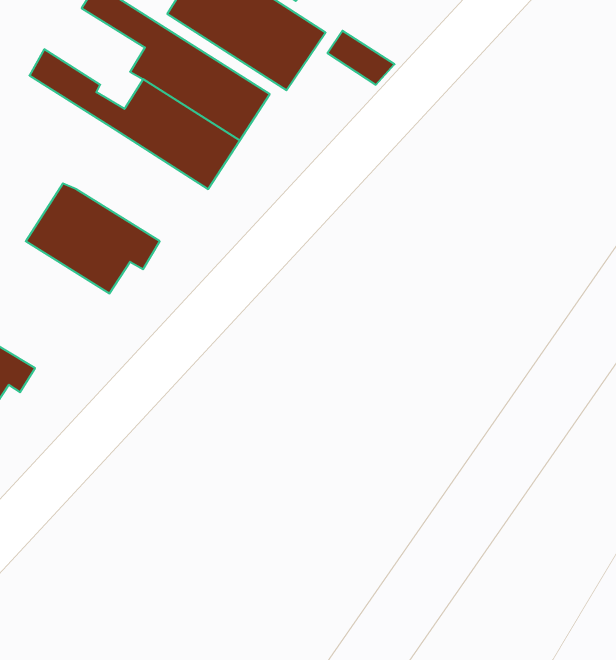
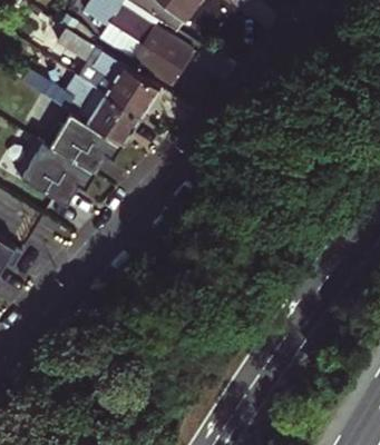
building: none -> [46,108,126,175]

